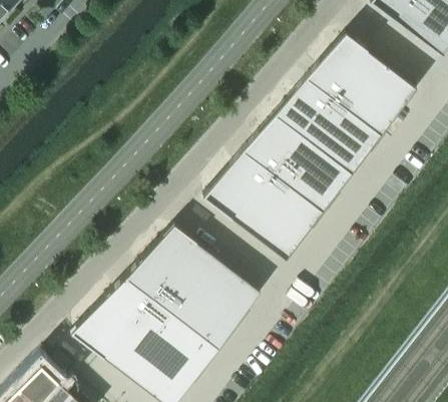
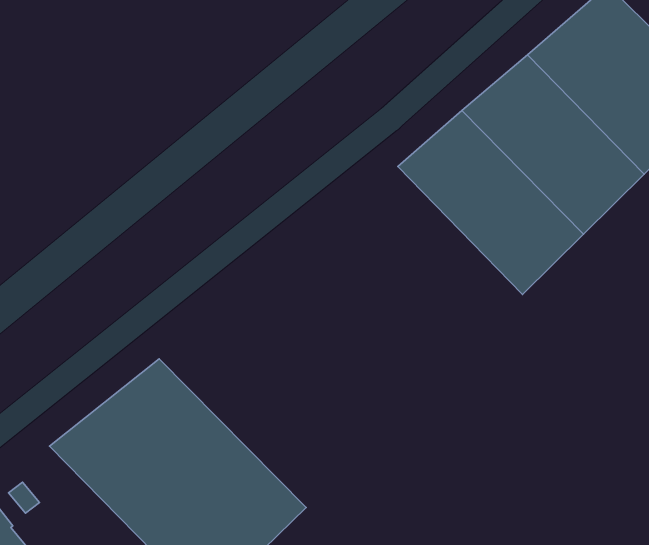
building: [203,150,323,260] -> none
building: [126,225,262,347] -> none

